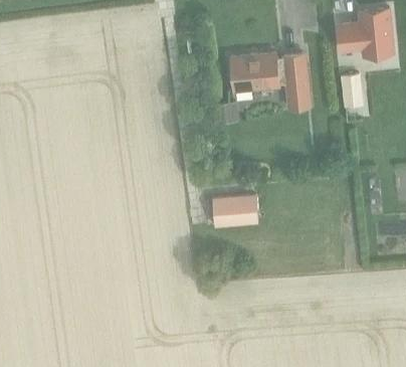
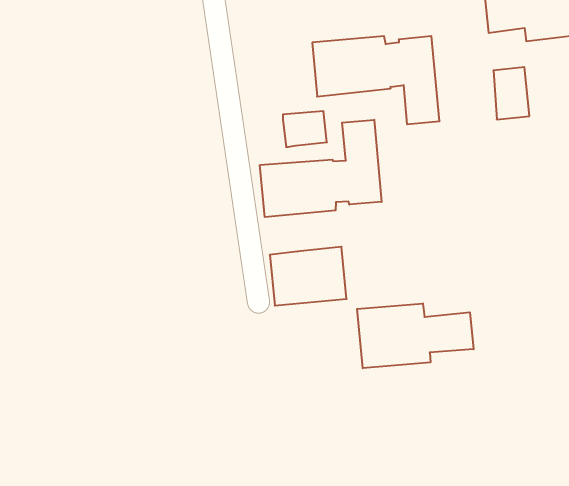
building: none -> [260,120,382,217]
building: none -> [357,303,474,368]

